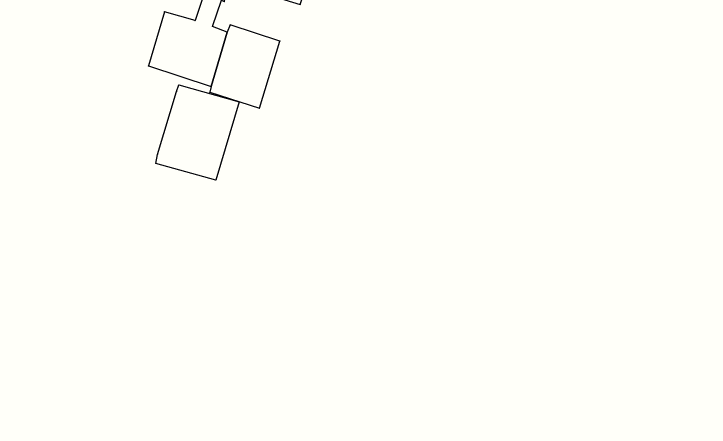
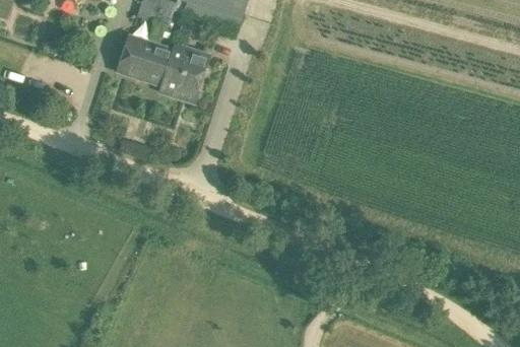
building: [156,85,239,180] -> none

